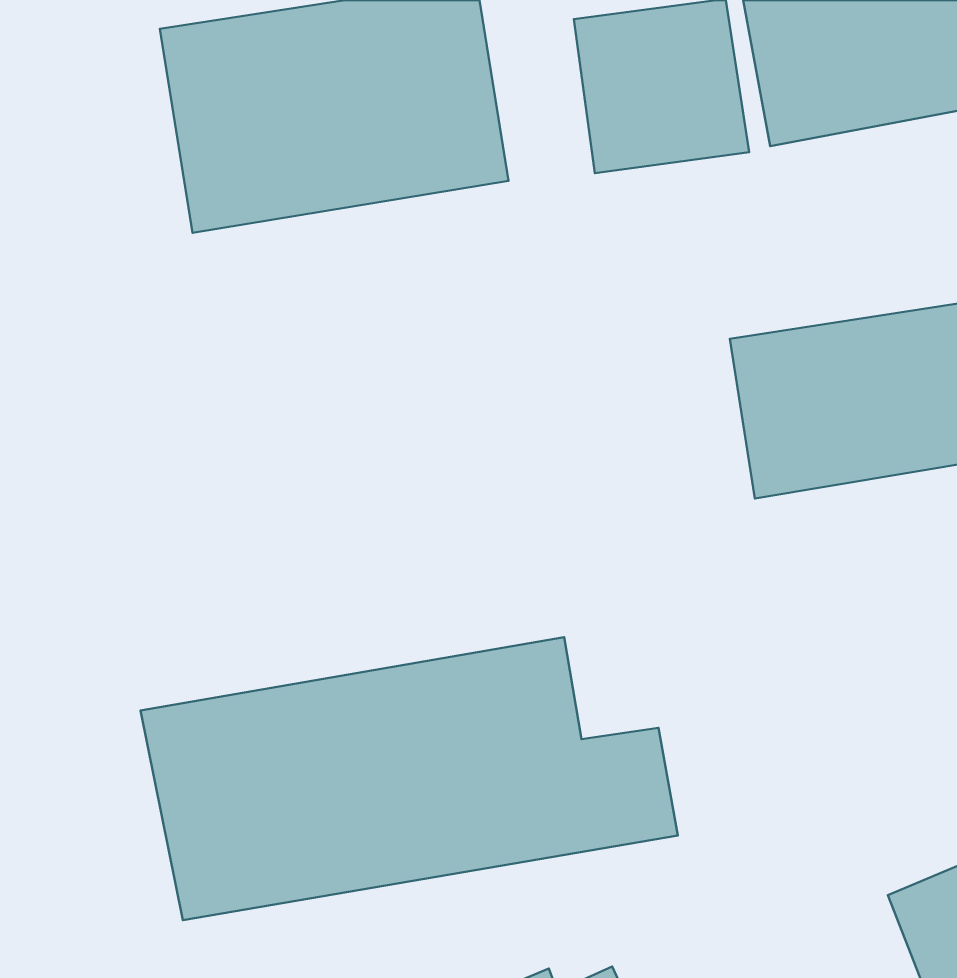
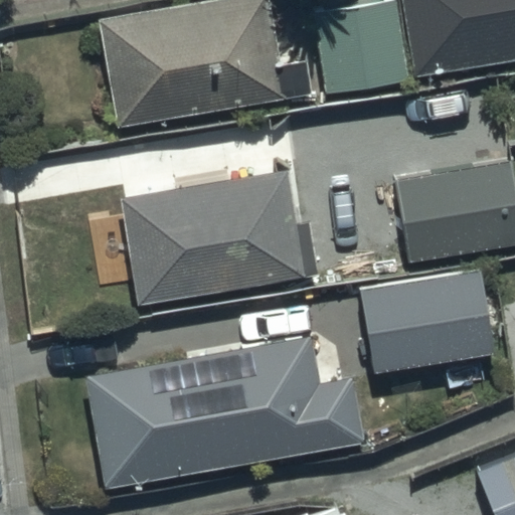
building: none -> [123,170,307,305]
building: none -> [360,268,497,374]

